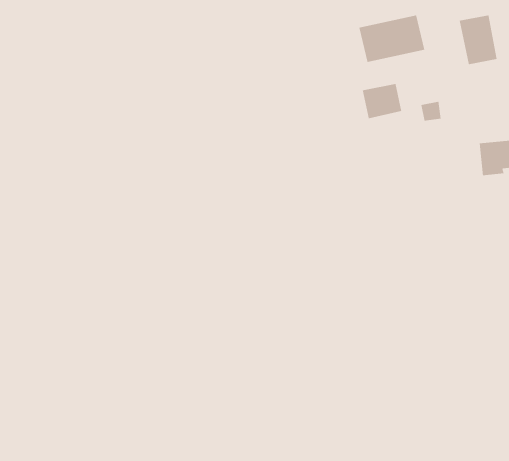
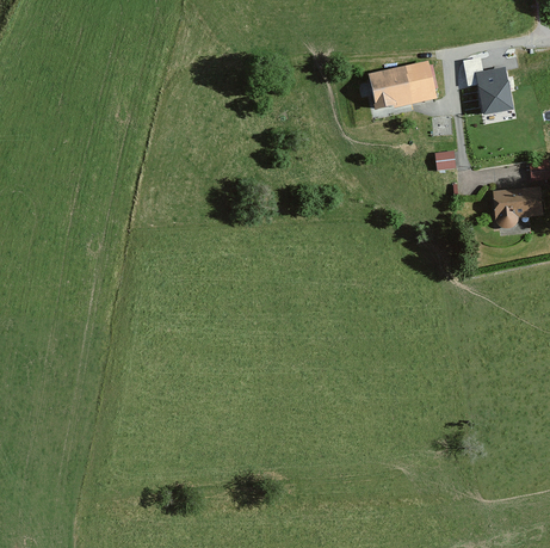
building: [362,83,402,119] -> none

